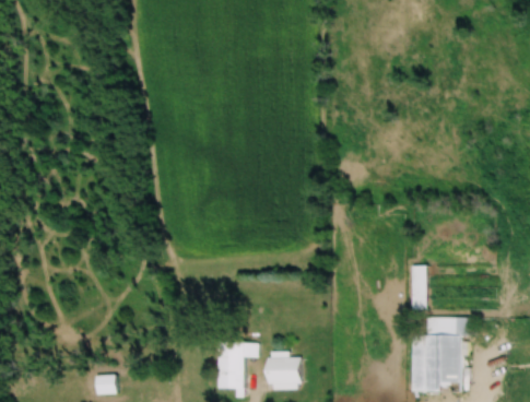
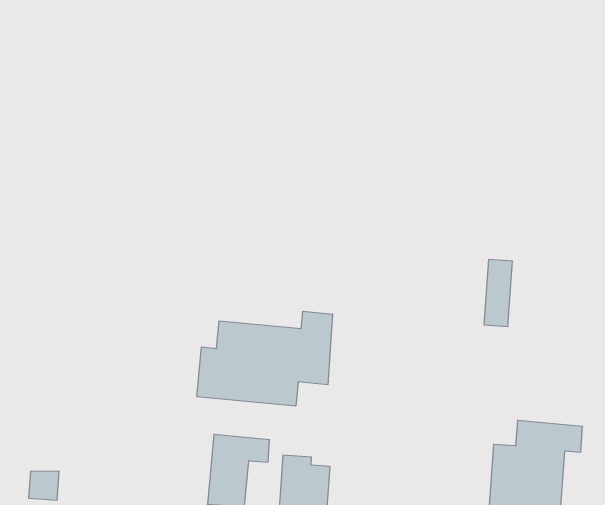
building: none -> [197,311,333,406]
building: [411,264,427,309] -> [484,260,512,327]

